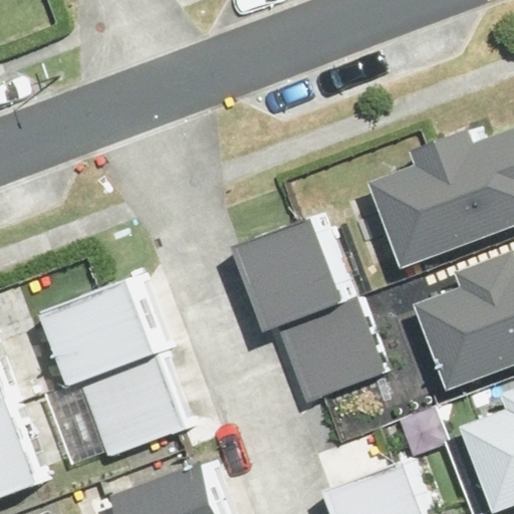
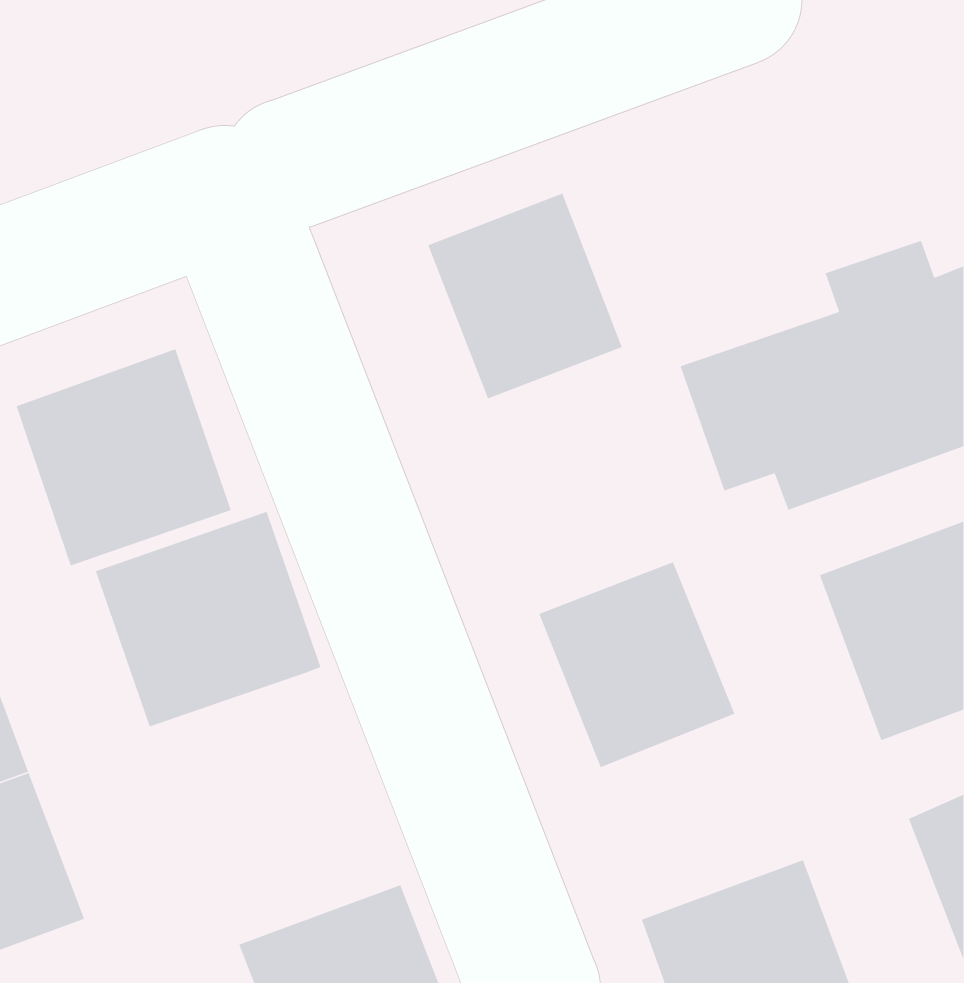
building: none -> [15,348,232,567]
building: [248,214,349,321] -> [427,193,623,400]
building: [77,352,185,457] -> none

